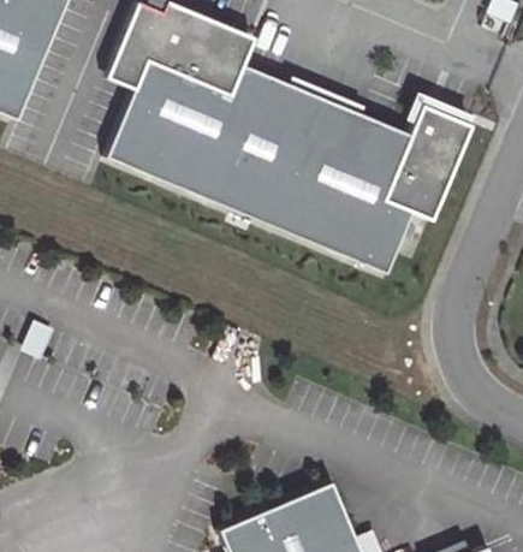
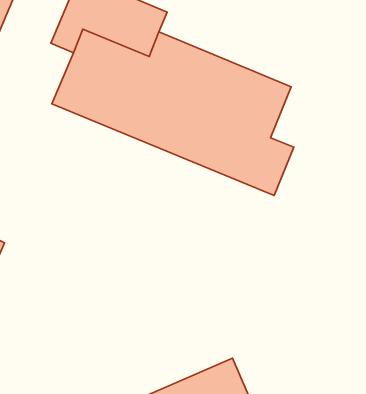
building: [382,105,470,219] -> none

